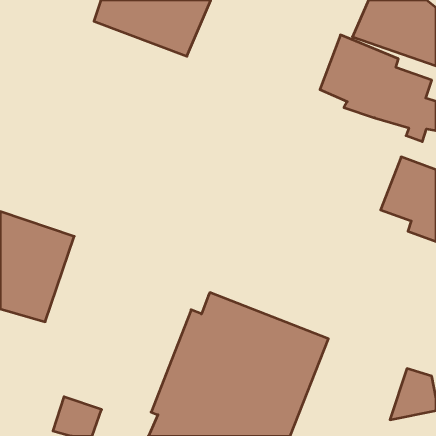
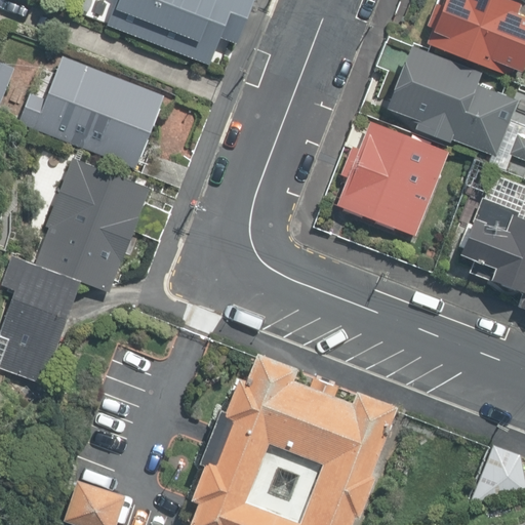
building: none -> [16,58,164,171]
building: none -> [340,118,452,233]
building: none -> [44,155,157,289]

